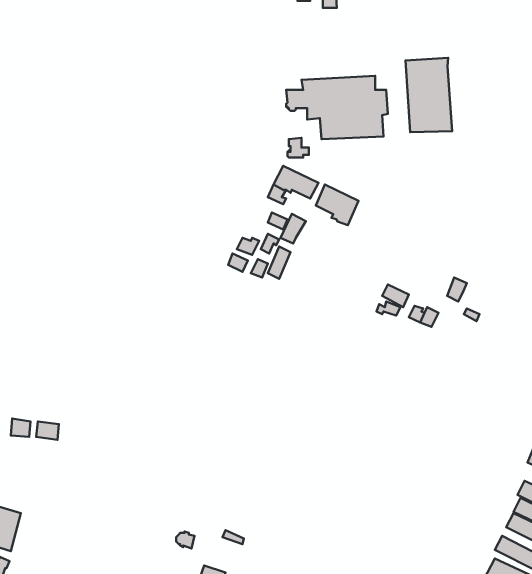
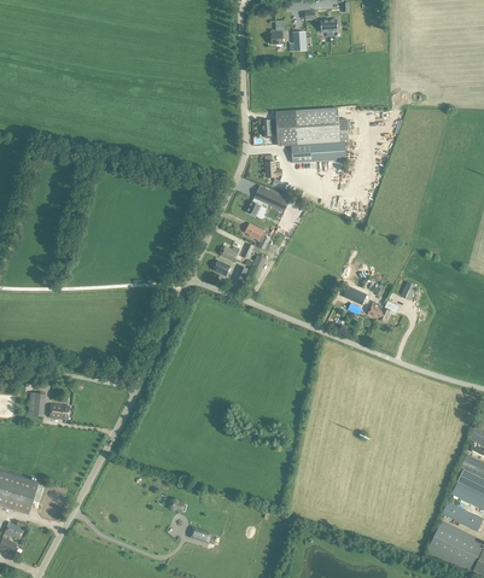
building: [406,58,452,132] -> none
building: [316,185,359,225] -> none

